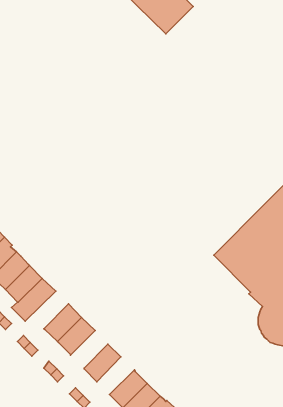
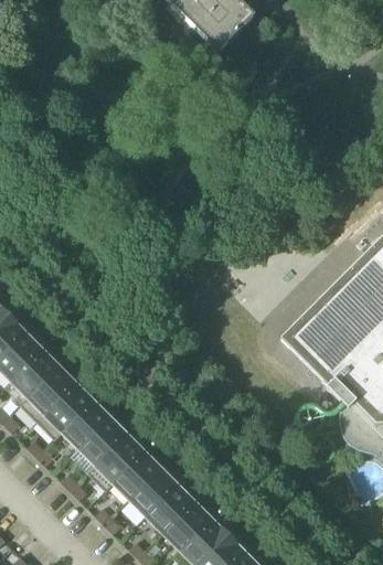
building: none -> [43,387,99,444]
building: none -> [94,438,150,495]
building: none -> [136,472,184,521]

